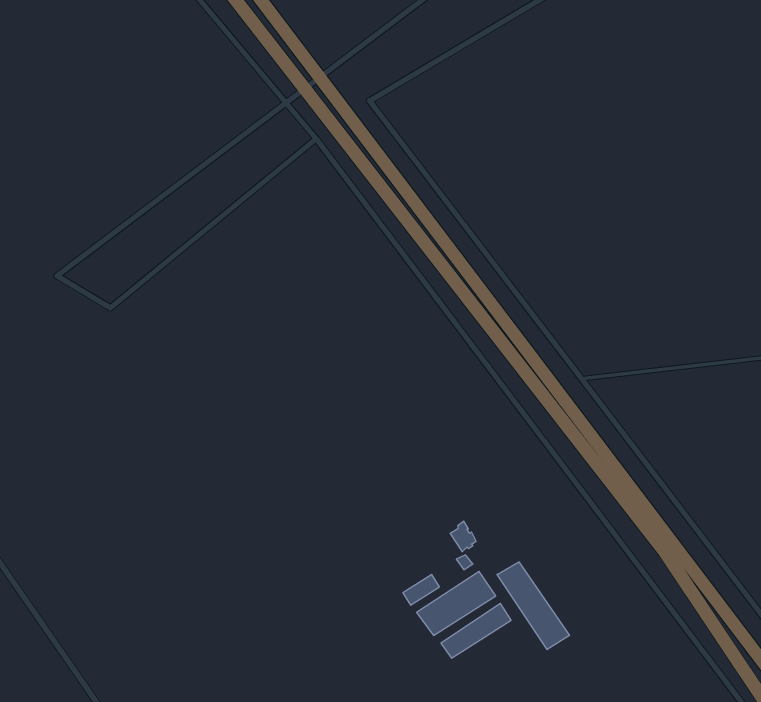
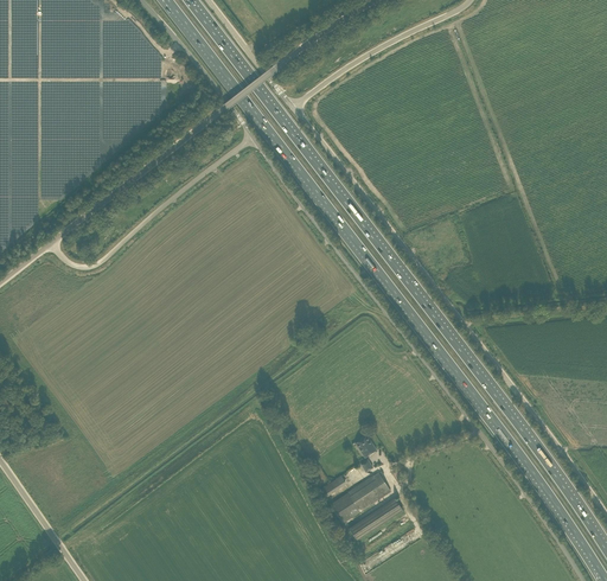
building: [497,562,569,650] -> none

